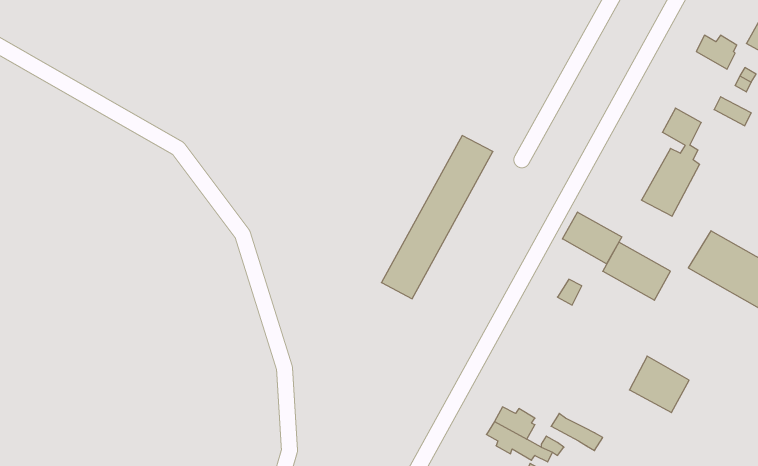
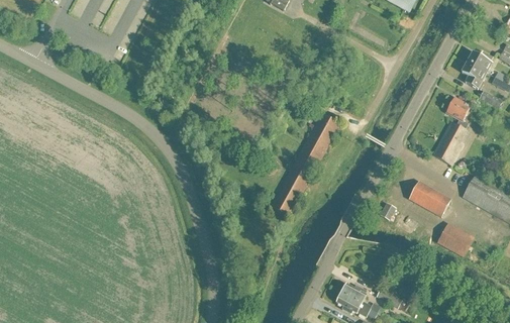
building: none -> [462,62,487,89]
building: [562,212,622,264] -> none
building: [629,356,689,413] -> [437,222,475,257]

